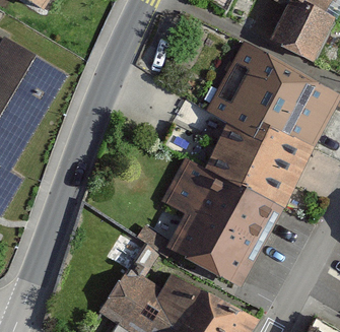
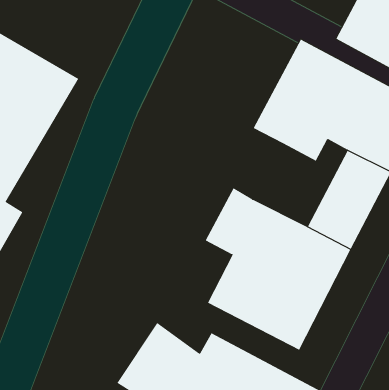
building: [204,122,278,190] -> none

